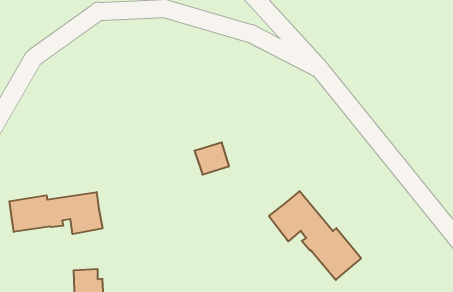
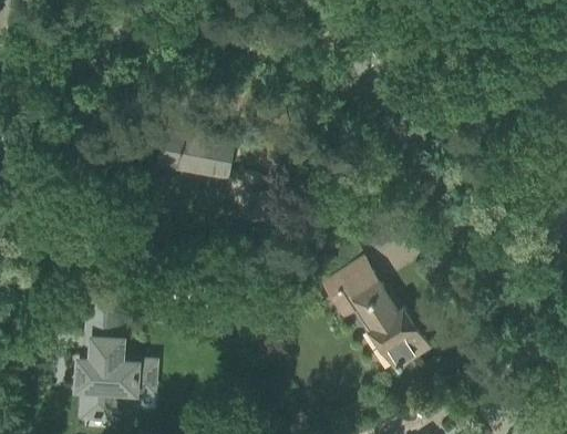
building: none -> [158,124,234,178]
building: [9,192,103,234] -> none

